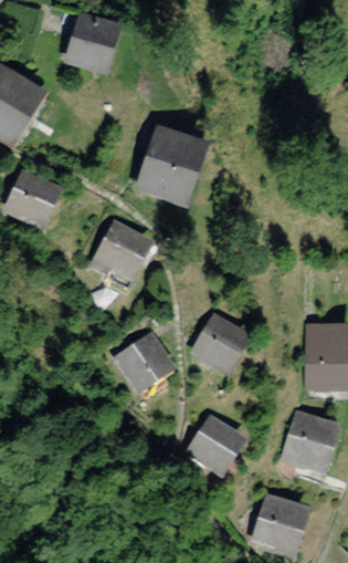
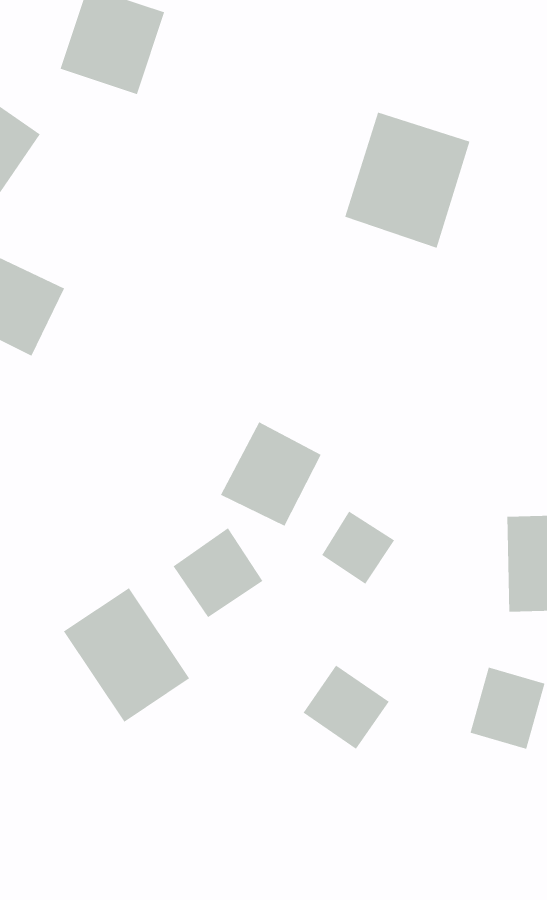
building: [128,125,203,207] -> [344,112,470,249]
building: [87,220,148,283] -> [220,421,322,527]
building: none -> [63,587,190,723]
building: [268,497,316,548] -> none

